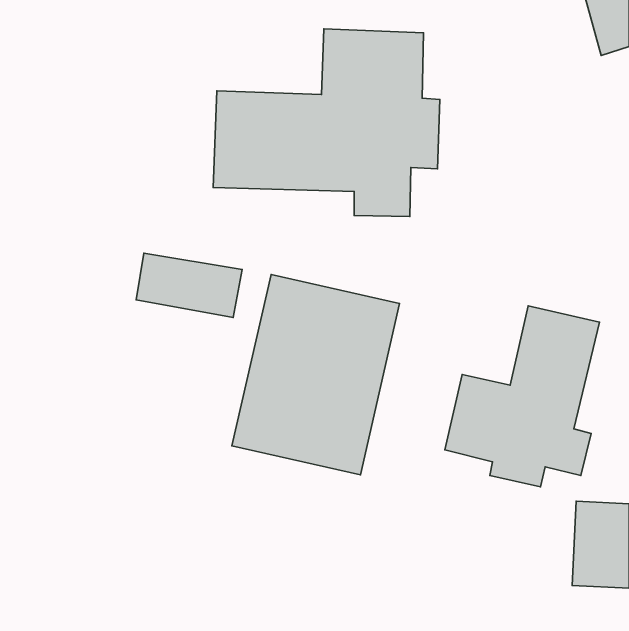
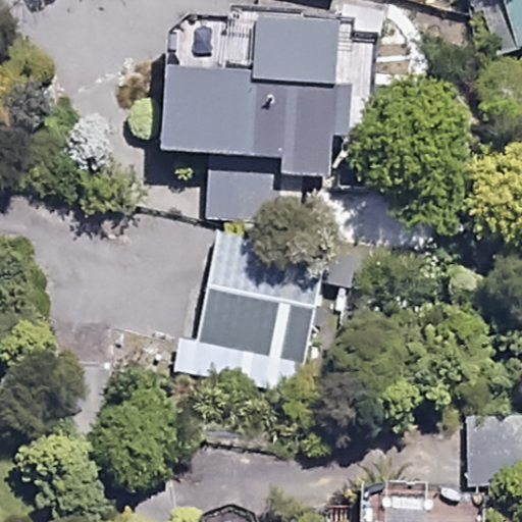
building: [445,306,599,487] -> none

